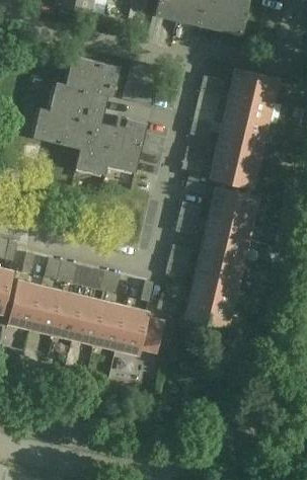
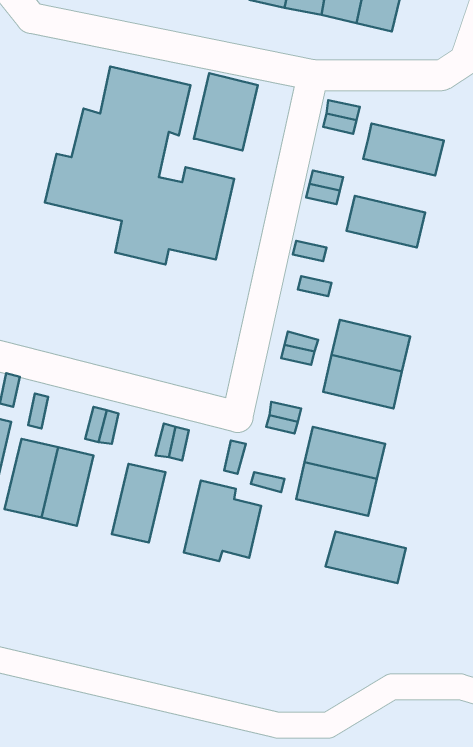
building: [229,68,278,100] -> none
building: [219,111,267,144] -> none
building: [209,155,256,187] -> none
building: [210,187,257,219] -> none
building: [194,252,242,284] -> [325,531,406,583]
building: [51,291,82,338] -> none
building: [94,301,126,349] -> none

